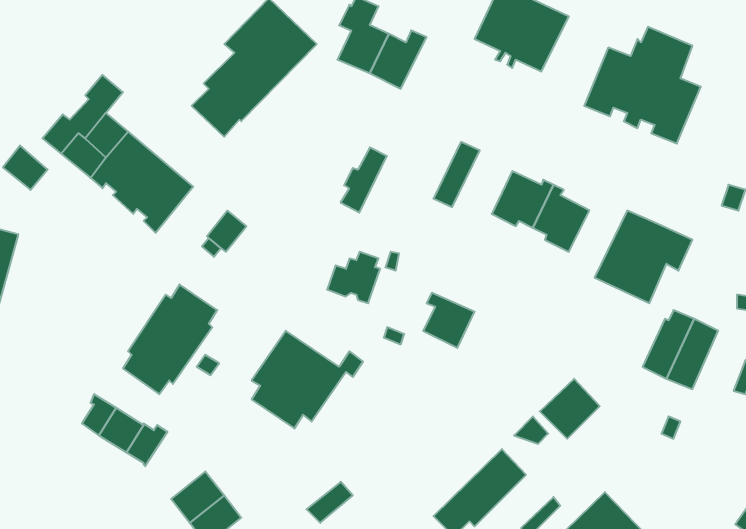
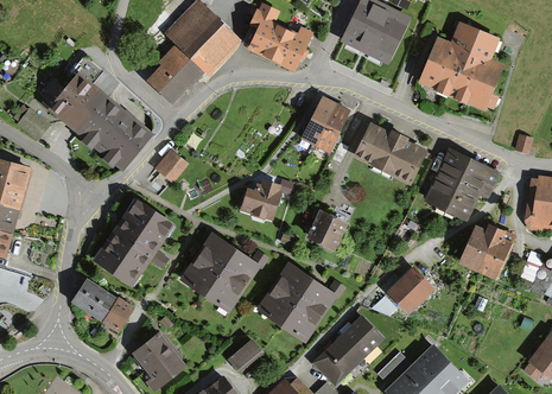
building: [341,147,387,213] -> [303,100,335,145]
building: none -> [267,266,344,333]

